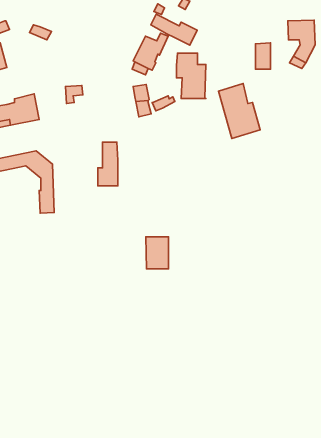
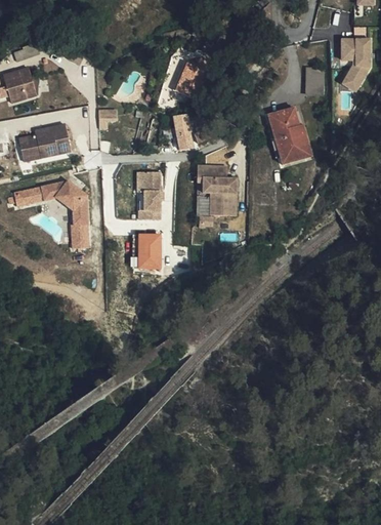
building: [151,14,197,45] -> none
building: [177,53,206,99] -> [205,167,237,216]
building: [146,237,168,269] -> [138,232,163,267]

